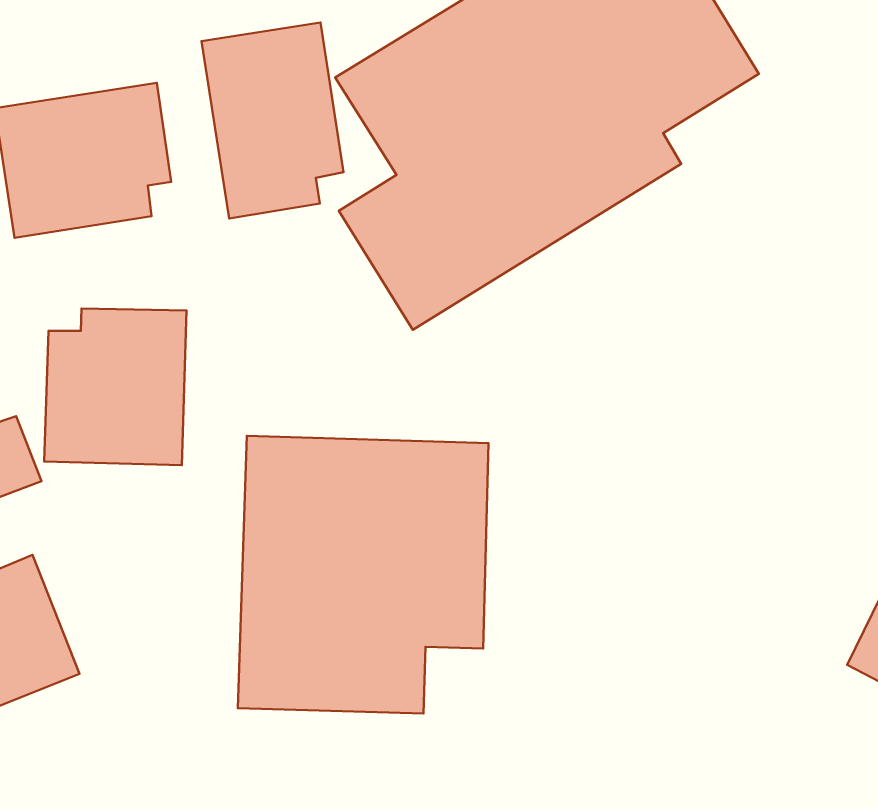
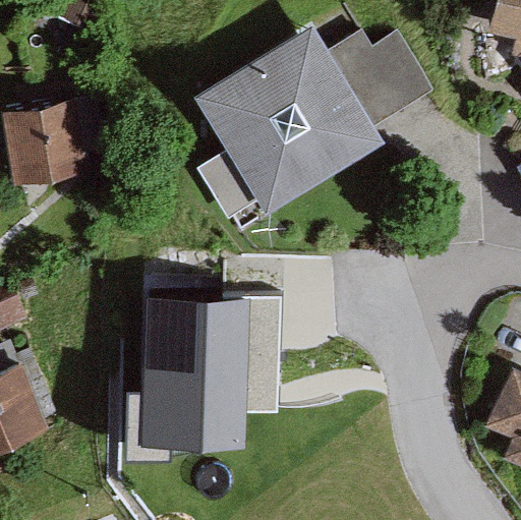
building: [201,22,344,219] -> none
building: [44,308,187,465] -> none

